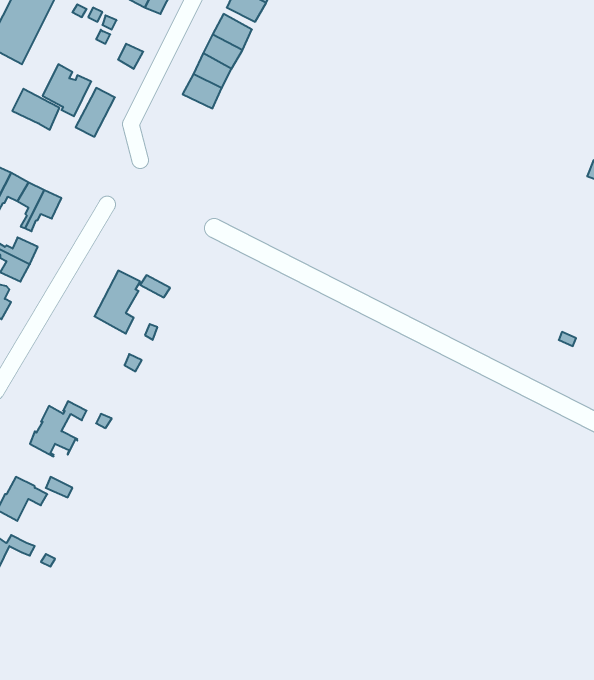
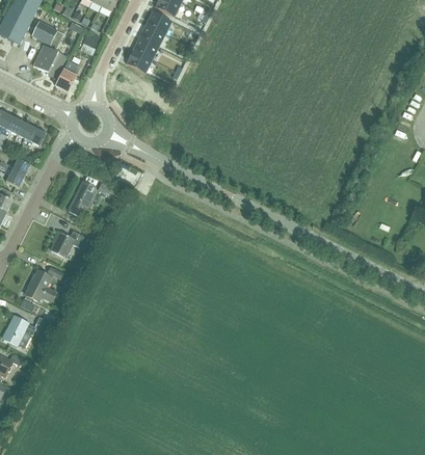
building: [12,89,59,130] -> [32,21,63,48]
building: none -> [50,230,84,257]

